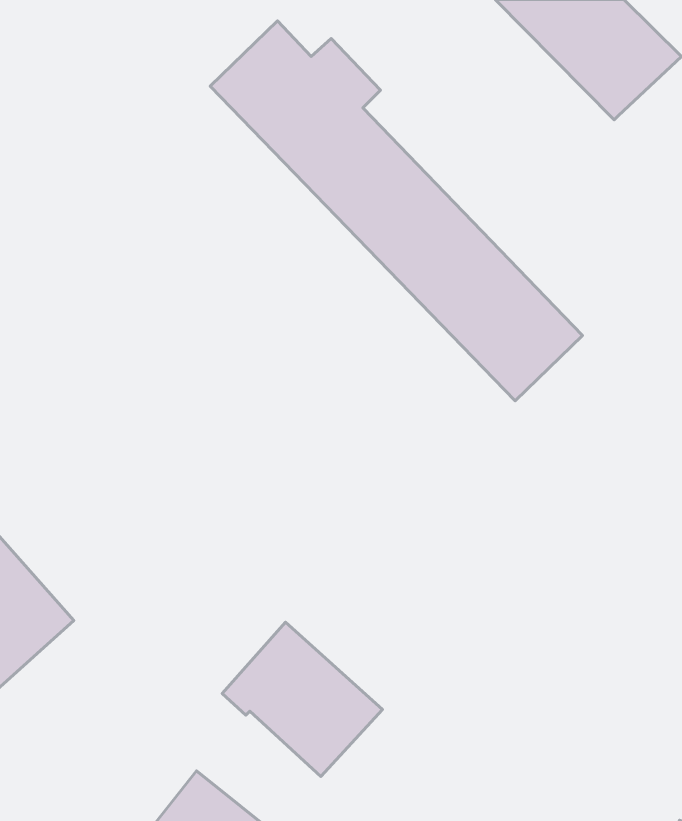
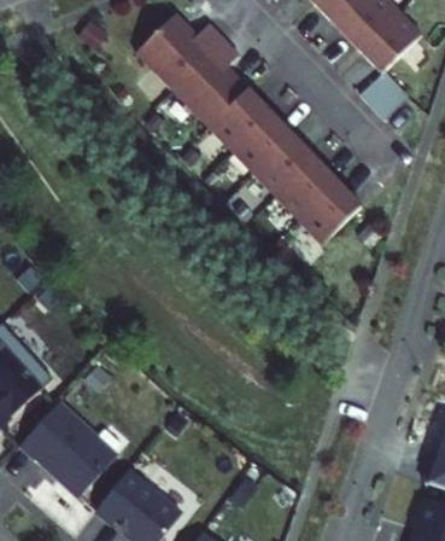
building: none -> [361,71,409,120]
building: [222,622,382,777] -> [21,402,118,496]

